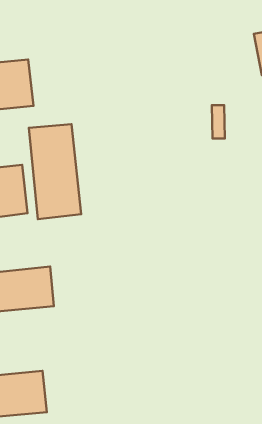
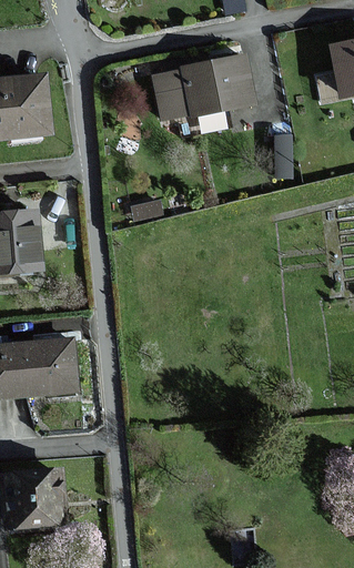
building: none -> [154,54,259,123]
building: [29,124,81,219] -> none

